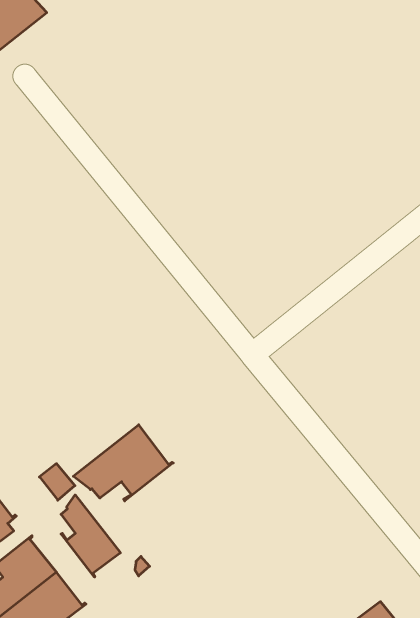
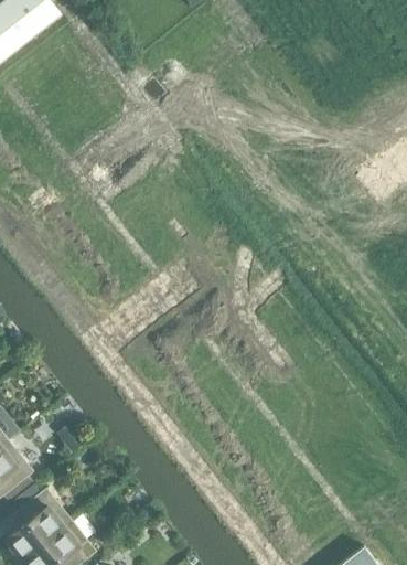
building: [73,425,173,501] -> none
building: [61,495,120,577] -> none

